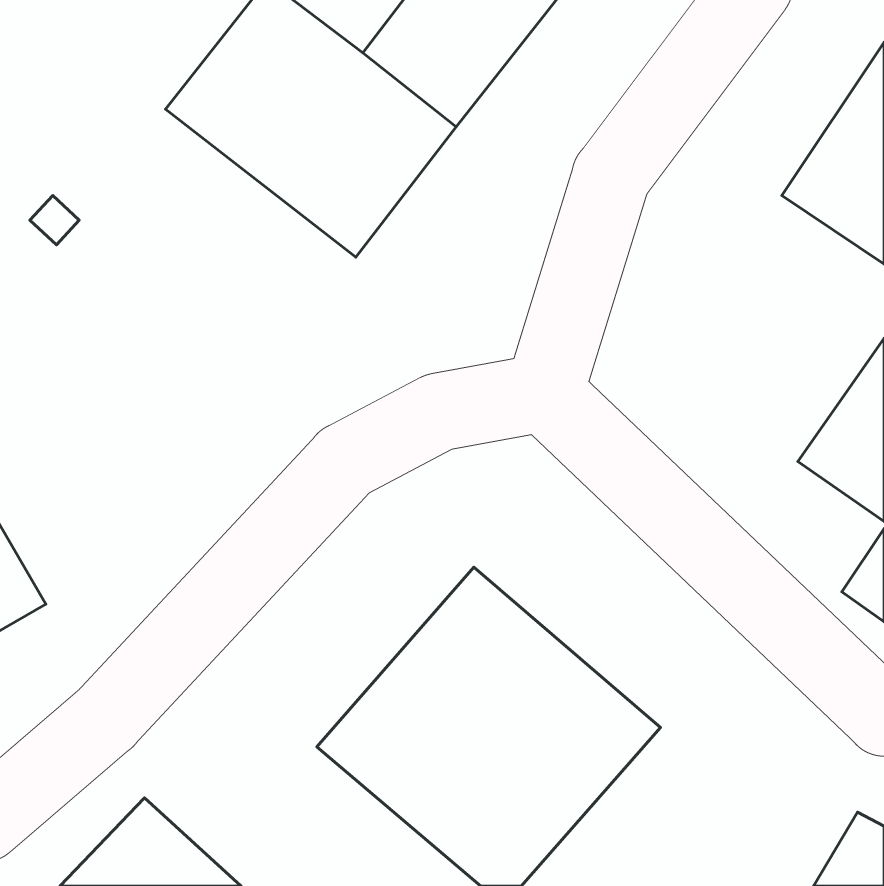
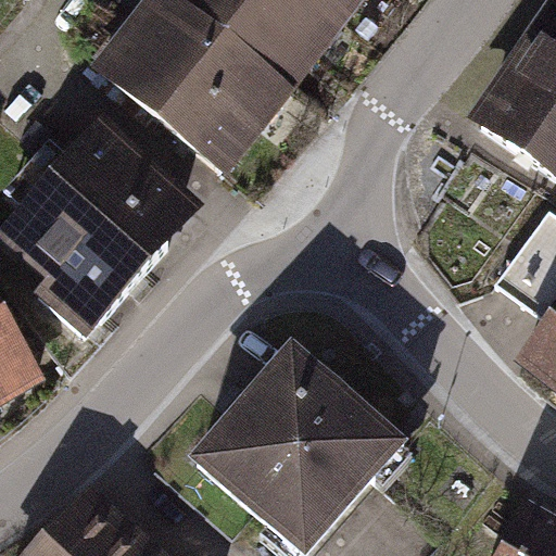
building: none -> [10,126,178,329]

